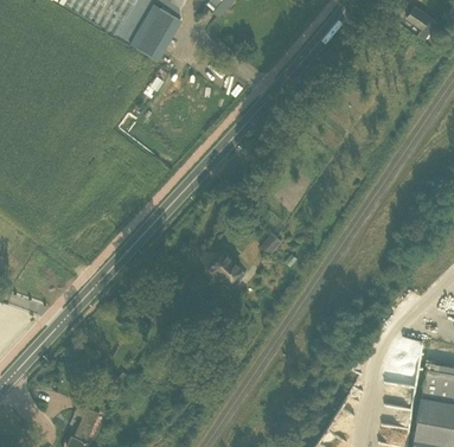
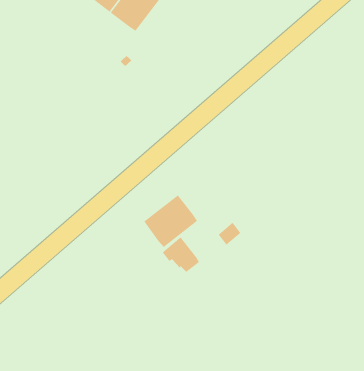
building: none -> [143,194,198,248]

